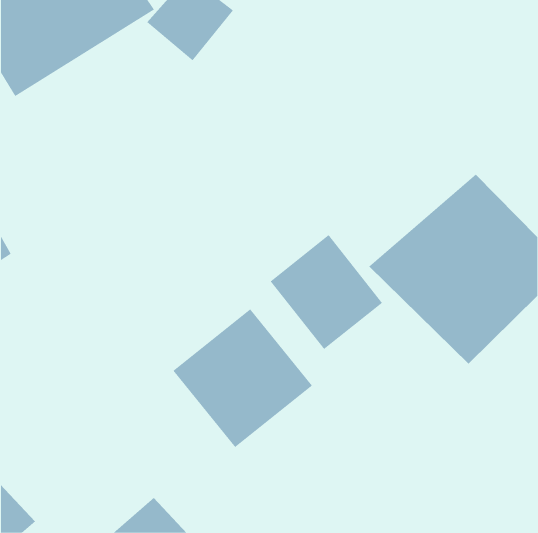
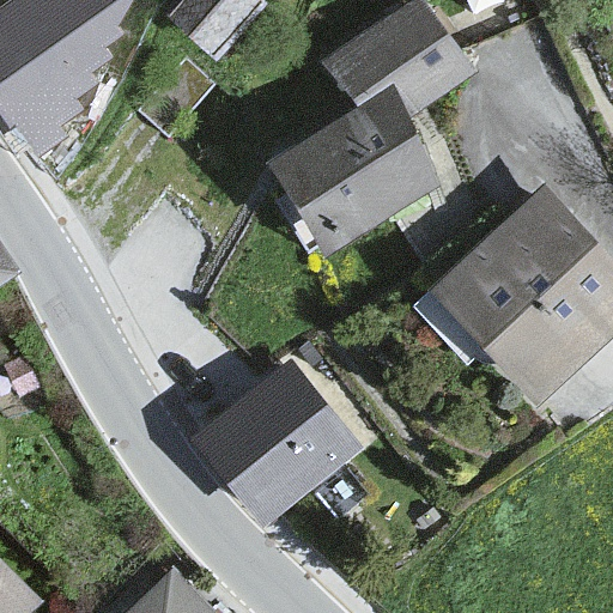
building: none -> [263,5,469,249]
building: [270,234,383,350] -> none

